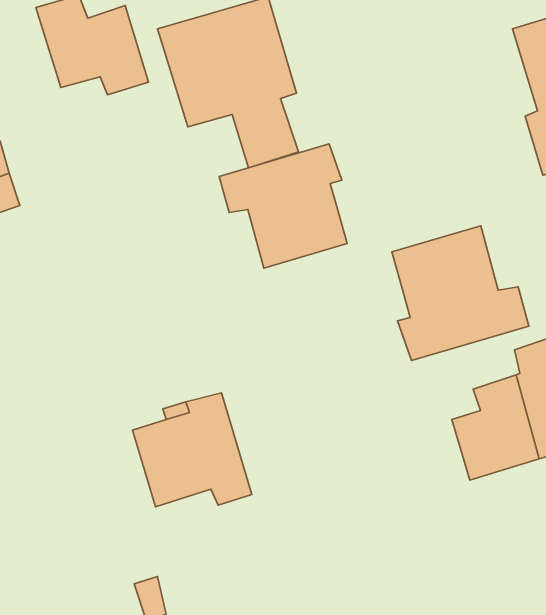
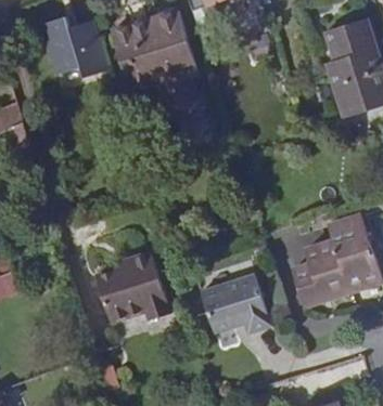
building: [219,144,347,268] -> none
building: [392,226,529,361] -> none
building: none -> [199,265,268,325]

